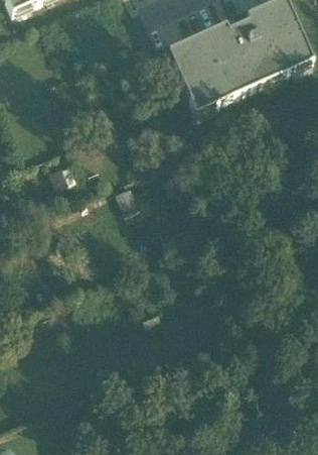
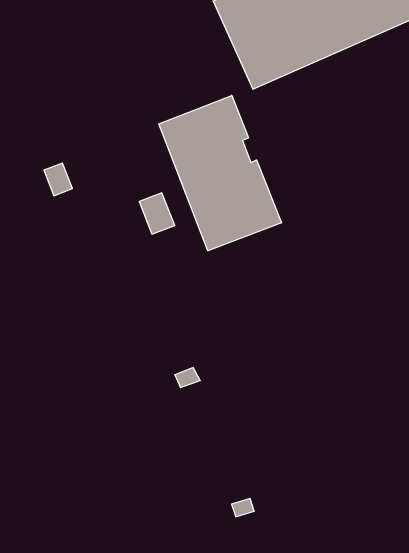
building: none -> [159,95,282,251]

